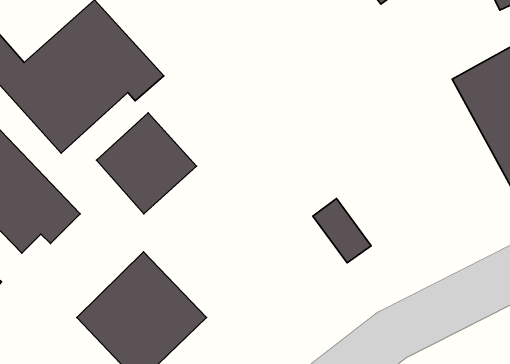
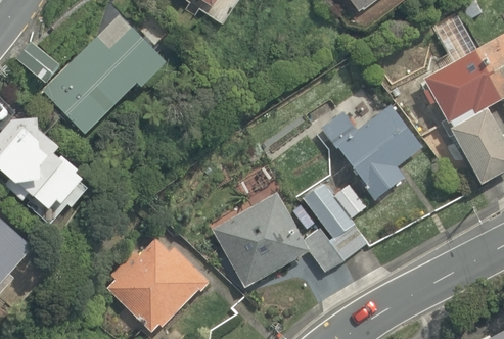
building: none -> [319,101,423,199]
building: [96,113,196,214] -> none
building: none -> [208,164,341,292]

